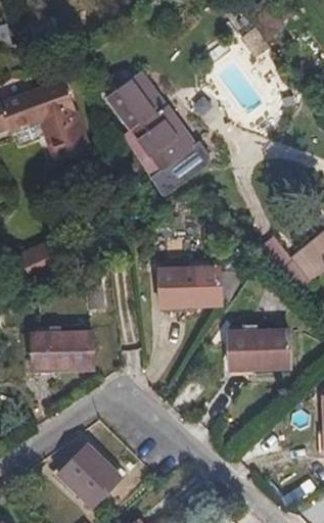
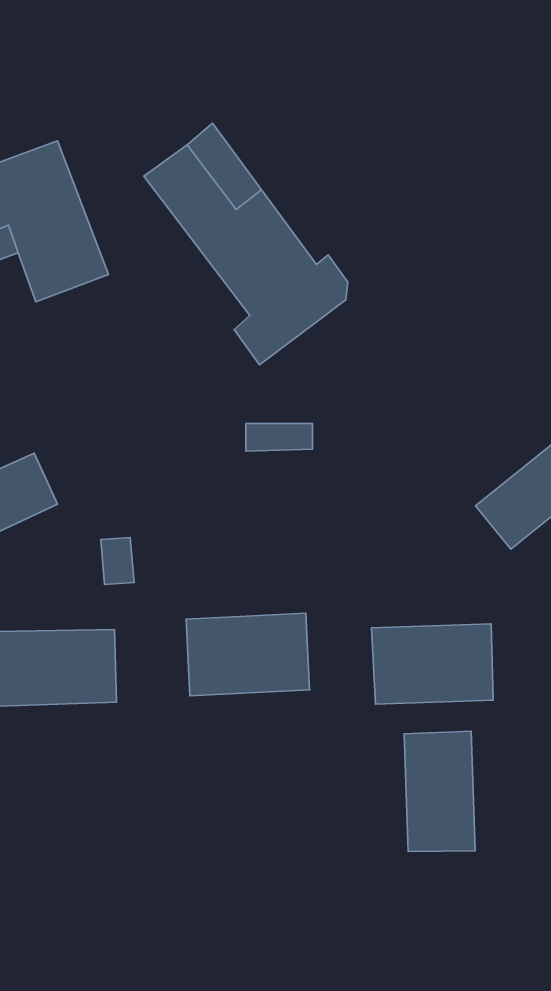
building: [156,266,221,308] -> [186,613,310,696]
building: none -> [404,731,475,852]
building: [56,444,121,508] -> none

